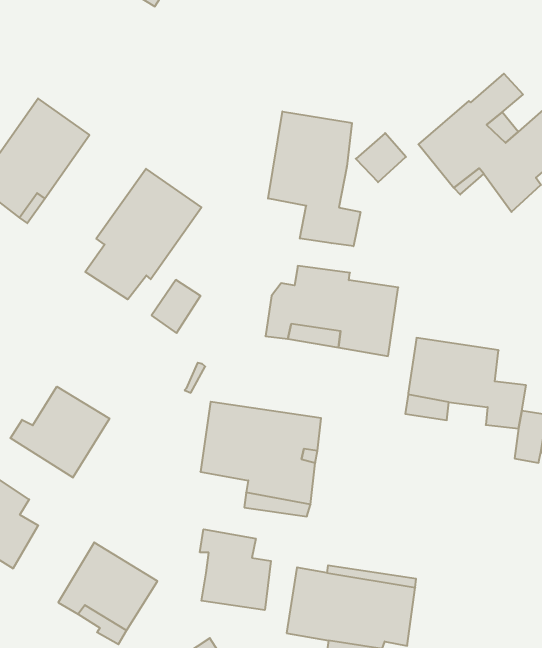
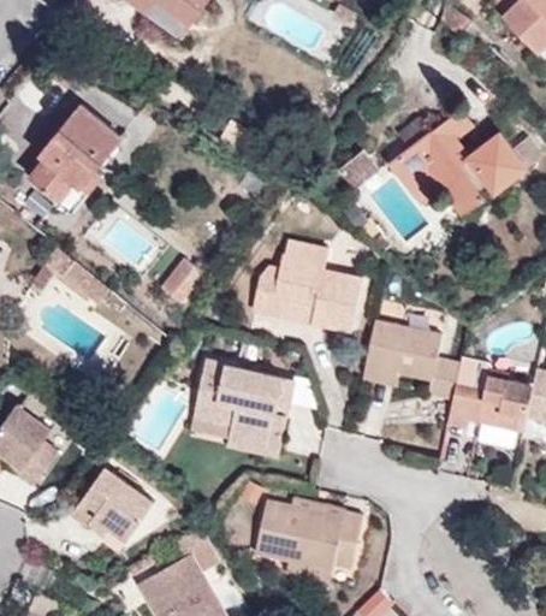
building: [268,111,360,246] -> none
building: [85,169,201,299] -> none
building: [10,387,109,478] -> none
building: [200,529,271,610] -> none

